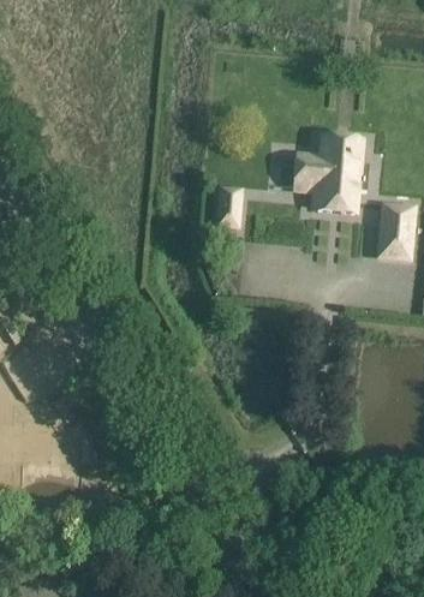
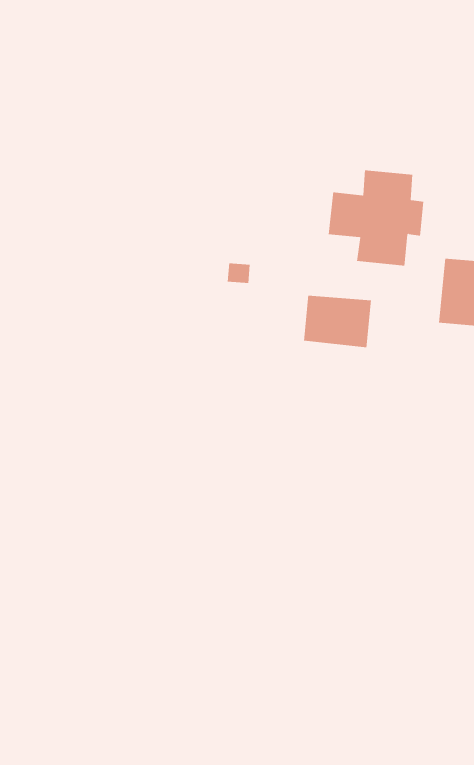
building: none -> [304,295,371,348]

